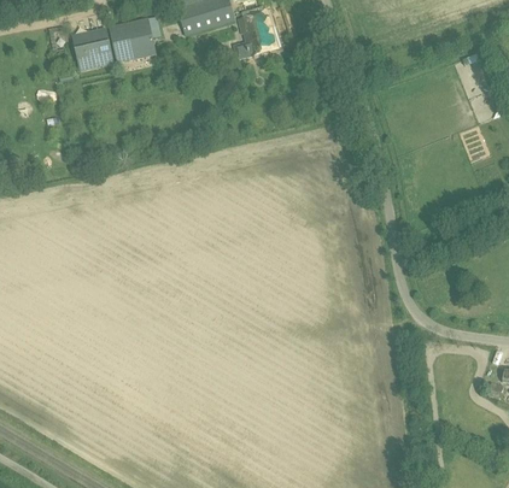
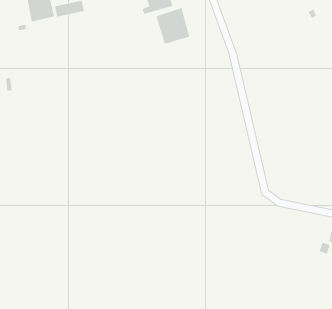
building: none -> [156,7,190,44]

